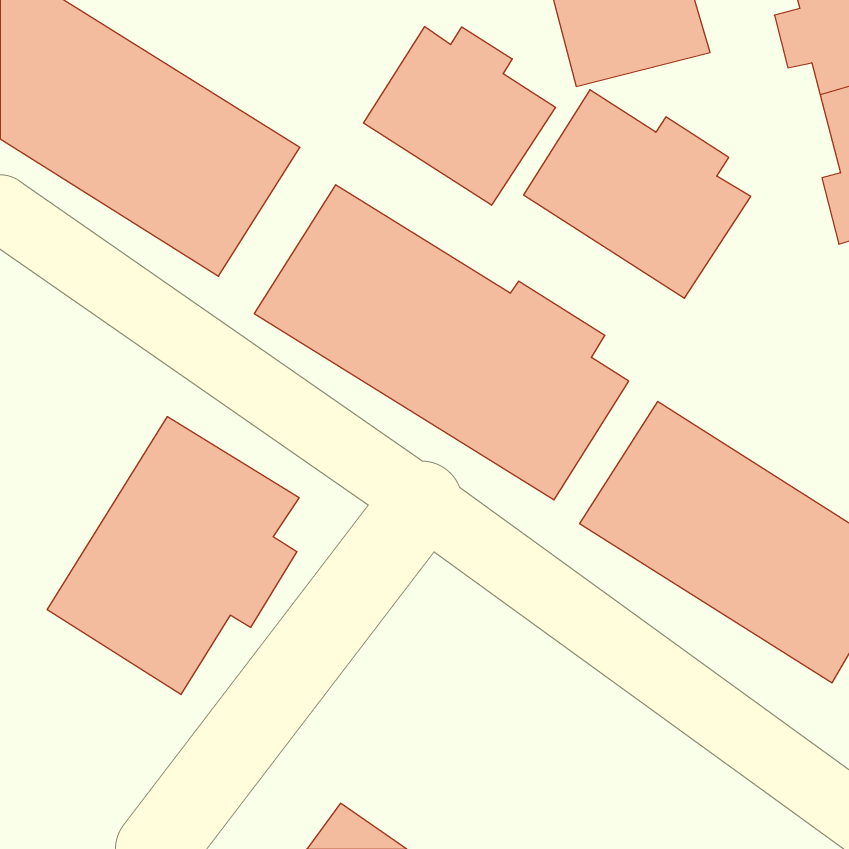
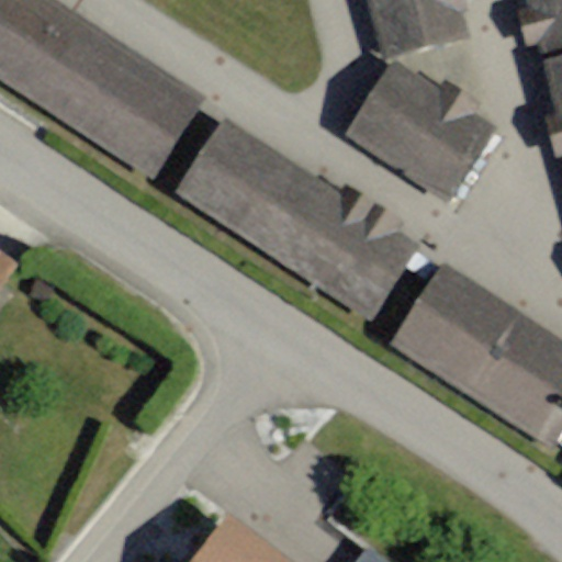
building: [363,26,556,205] -> none
building: [47,417,299,695] -> none

